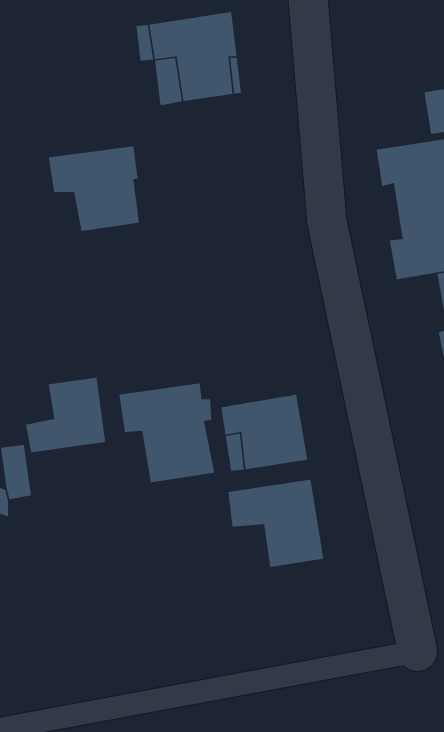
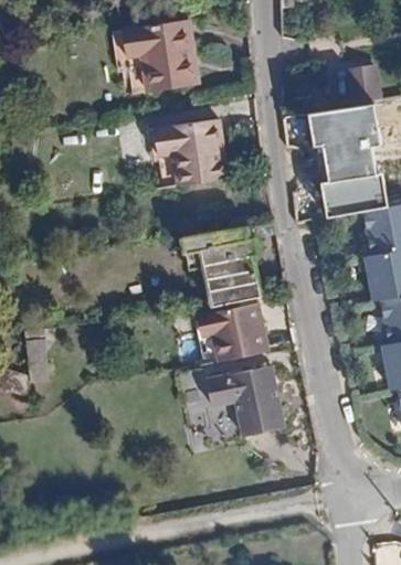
building: [48,145,140,232] -> [159,119,230,185]
building: [25,377,106,453] -> none
building: [119,383,215,483] -> [179,228,253,306]

